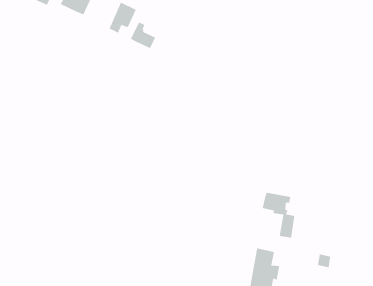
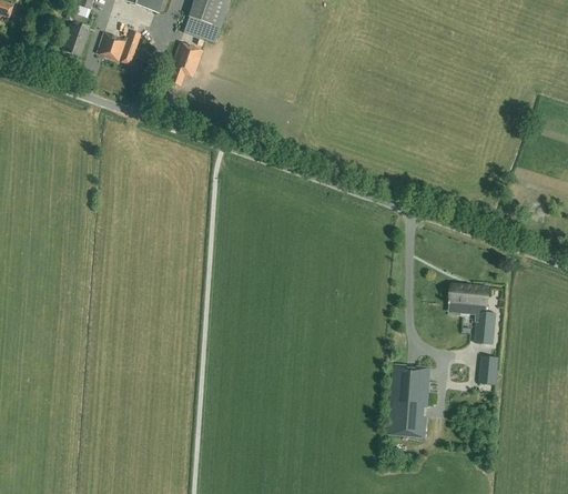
building: [130,21,156,49] -> none
building: [262,192,295,239] -> [449,283,496,344]

